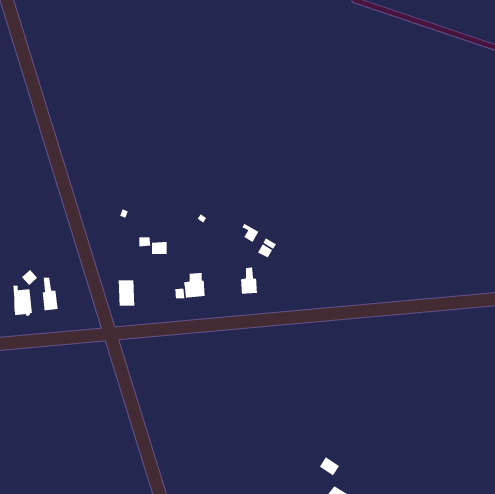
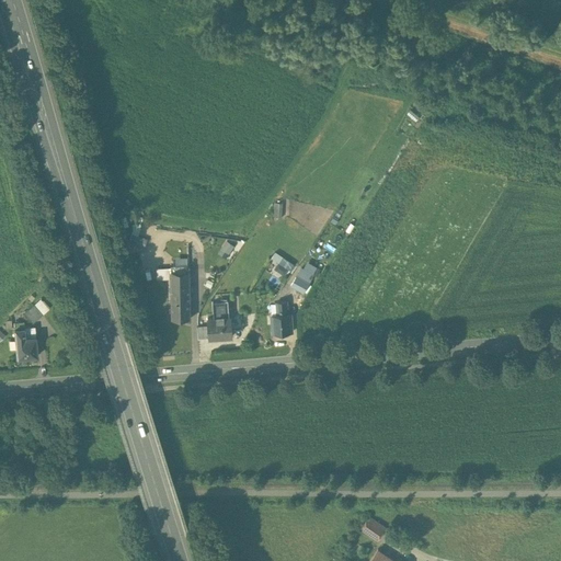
building: [42,277,58,311] -> none
building: [118,279,135,306] -> [171,289,191,320]

